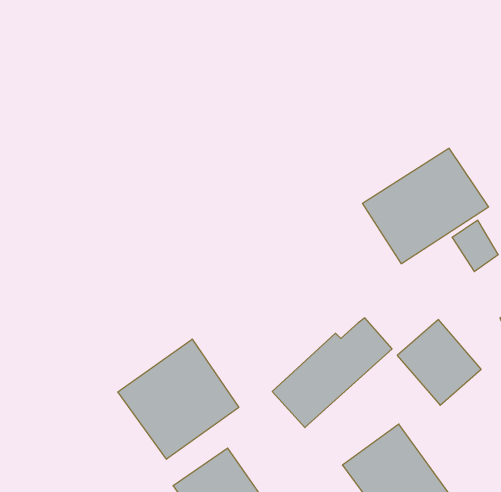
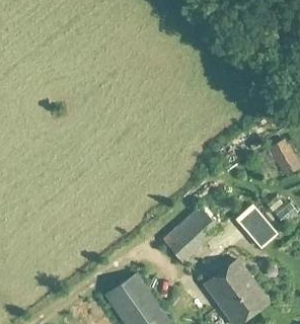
building: [363,148,489,264] -> none
building: [118,339,239,459] -> none

